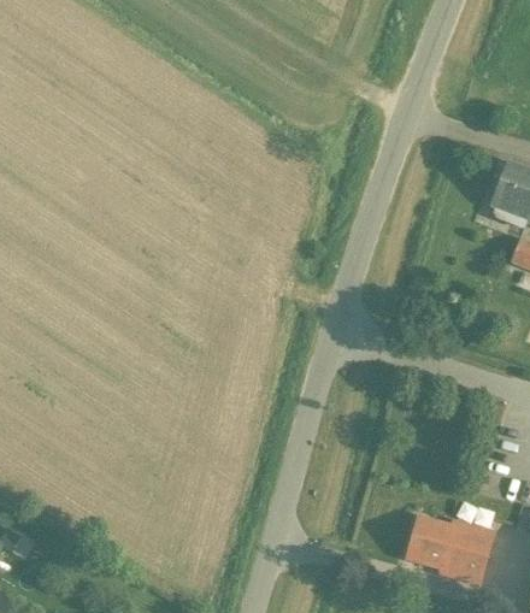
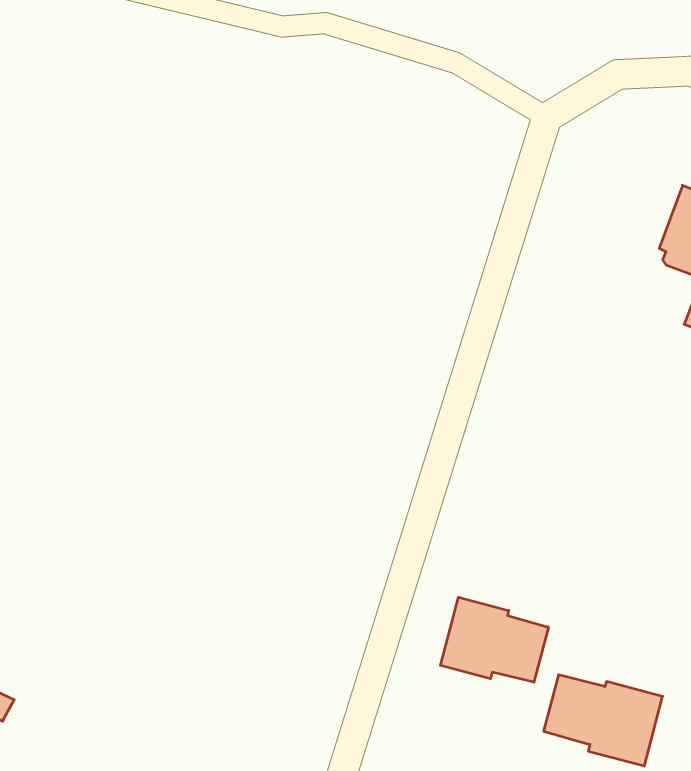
building: none -> [440,597,548,682]

